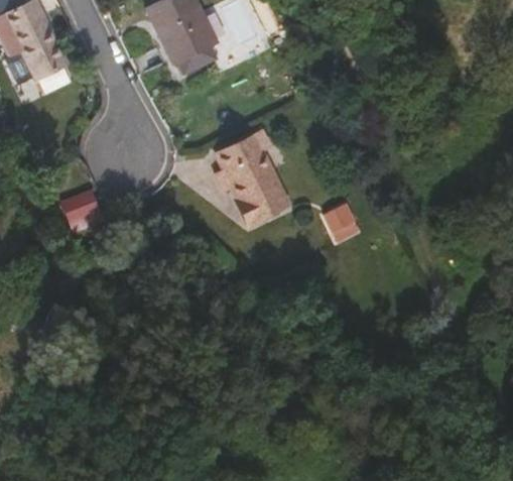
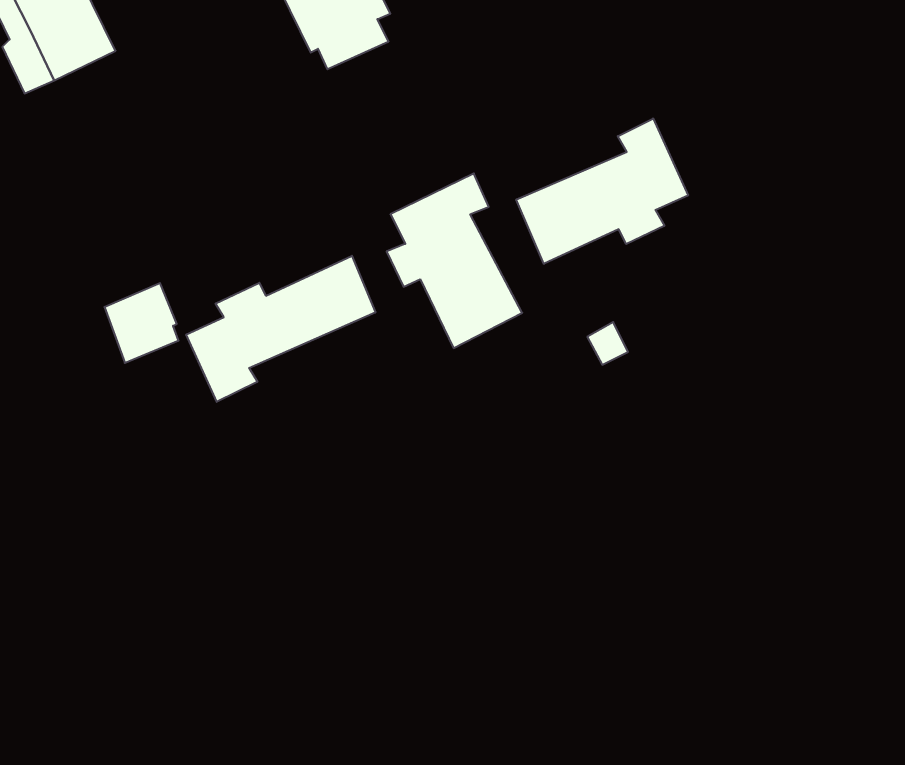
building: none -> [516,118,688,264]
building: none -> [186,256,375,402]

